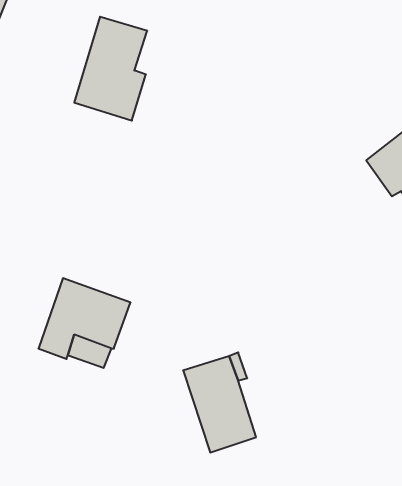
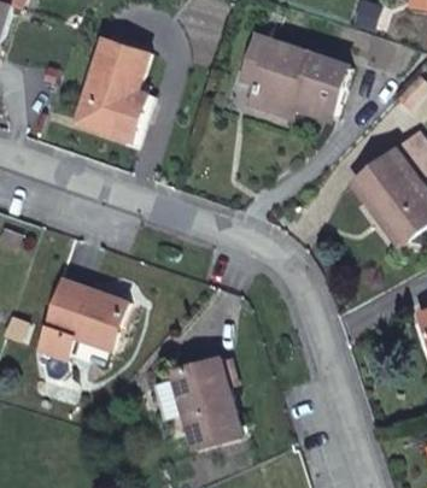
building: none -> [247,36,343,112]

